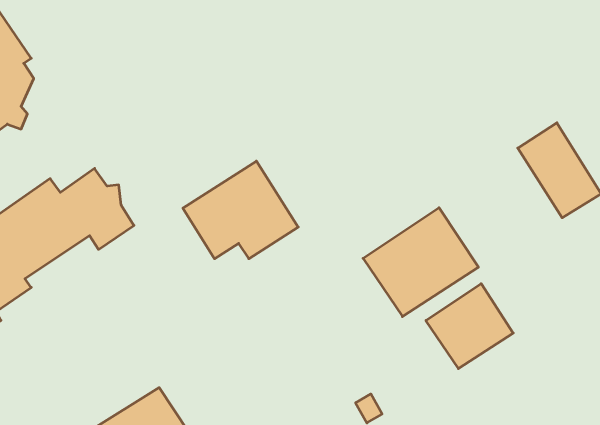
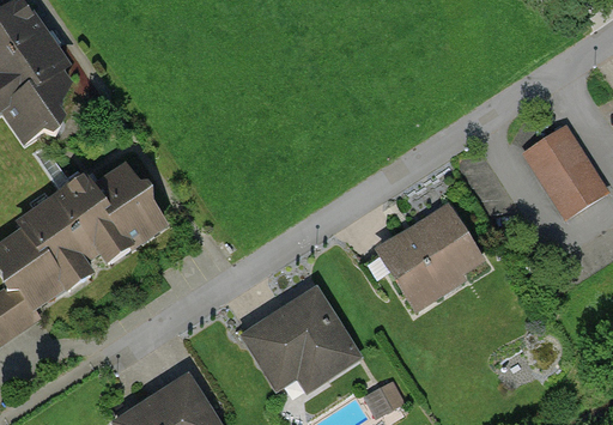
building: [183,161,298,259] -> [247,291,356,383]
building: [426,284,513,369] -> none

